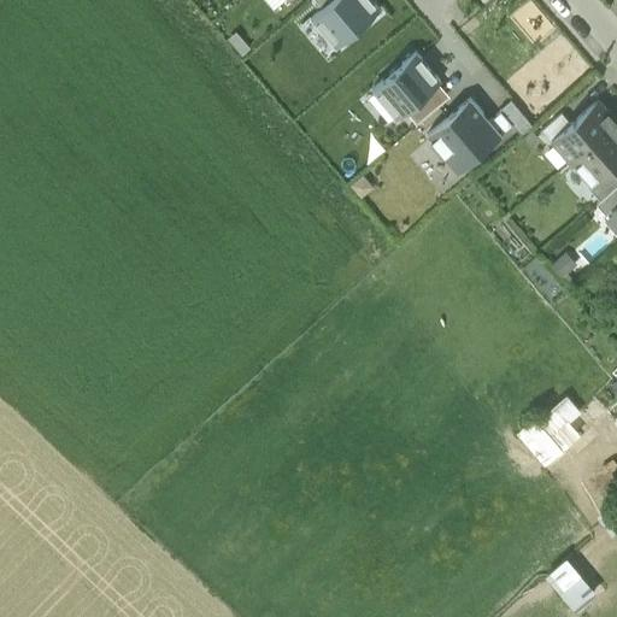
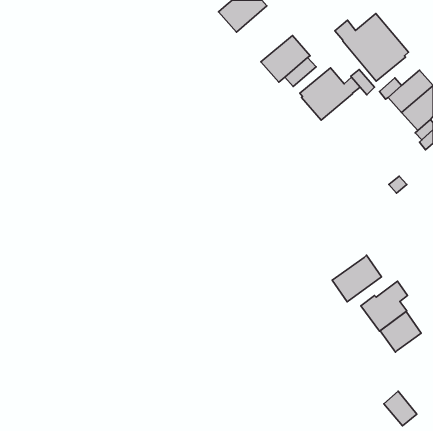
building: none -> [335,13,408,81]
building: none -> [332,255,381,302]
building: none -> [380,312,421,352]

